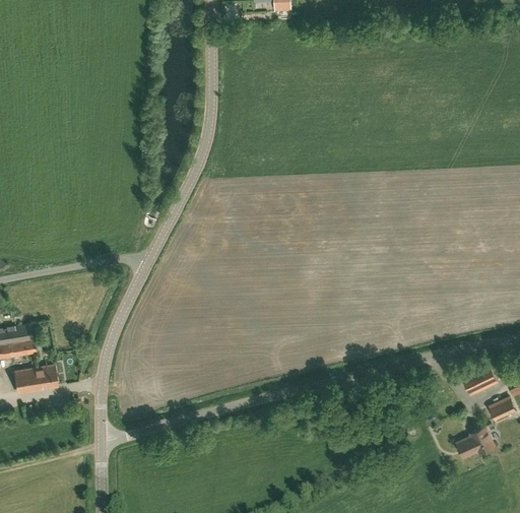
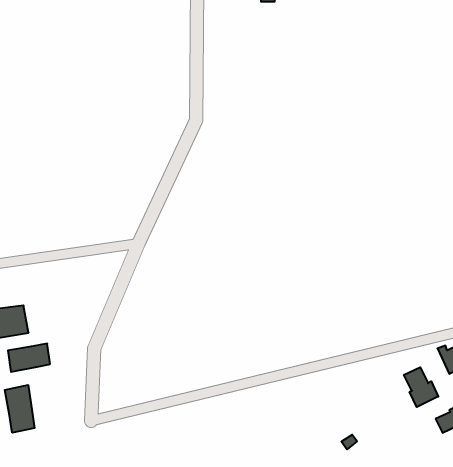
building: none -> [404,367,438,407]
building: none -> [5,385,35,433]

